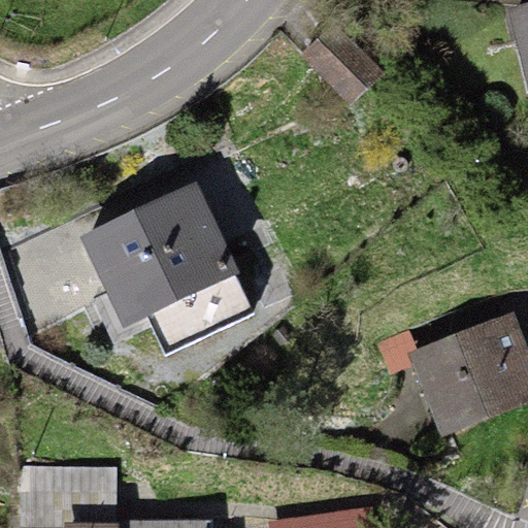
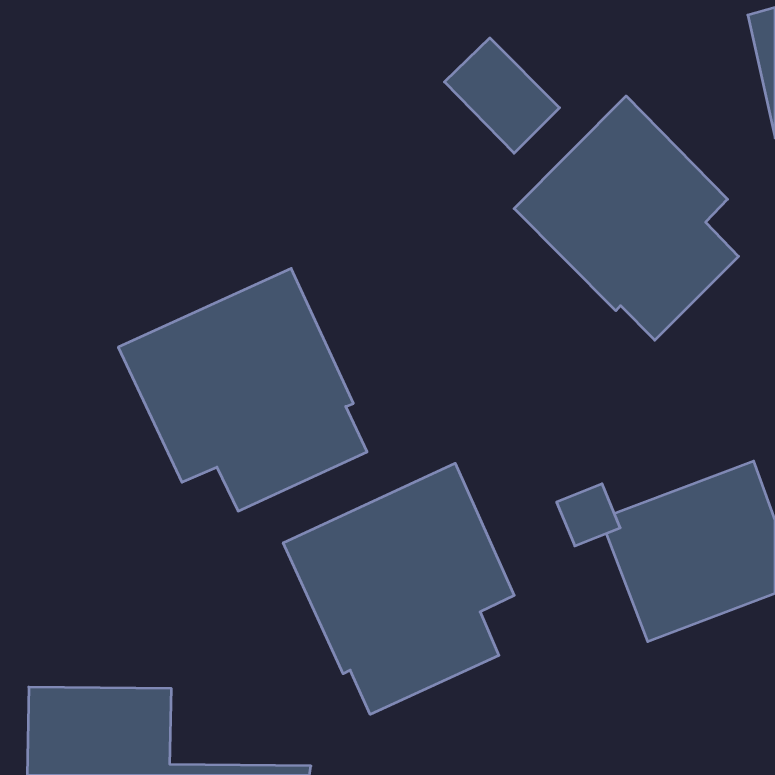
building: none -> [514,96,739,340]
building: none -> [283,463,514,714]

